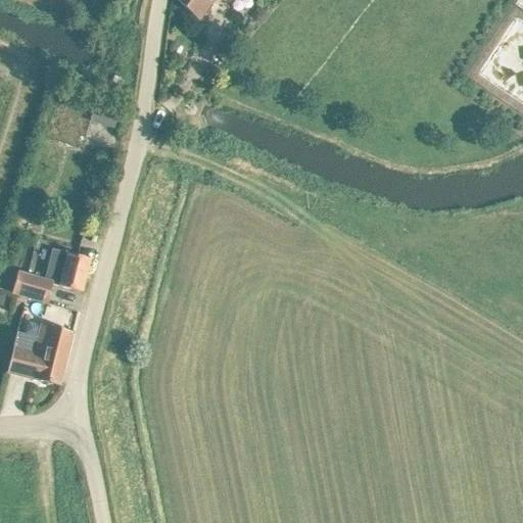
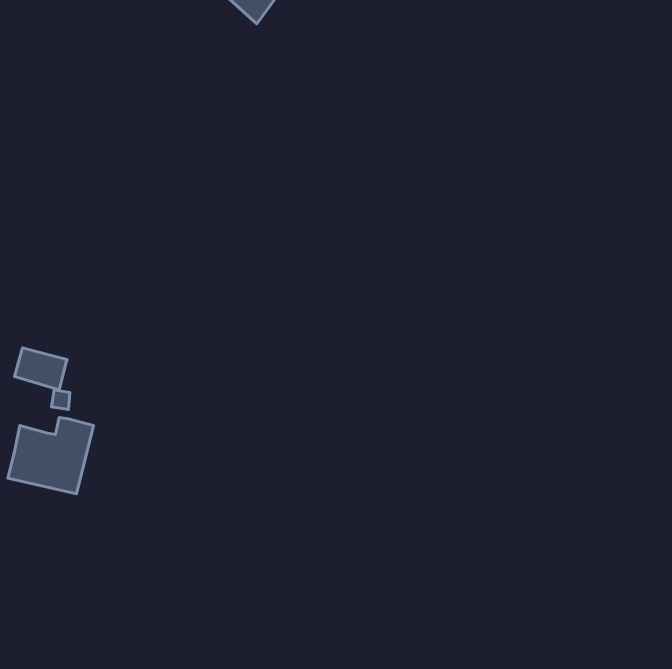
building: [45,247,92,290] -> none

